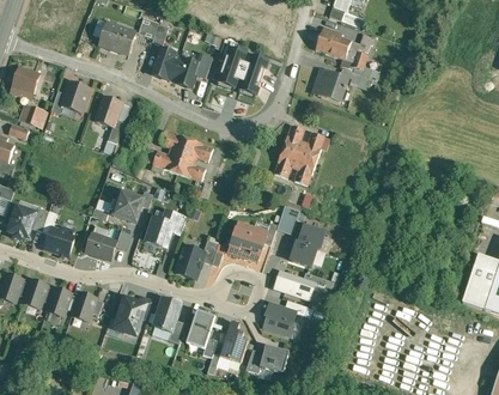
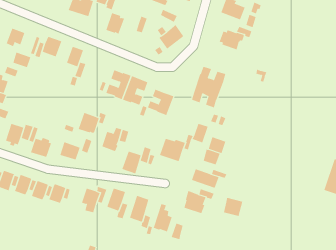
building: [171,56,199,86] -> none
building: none -> [147,89,174,116]
building: [260,345,288,372] -> [223,197,243,217]

